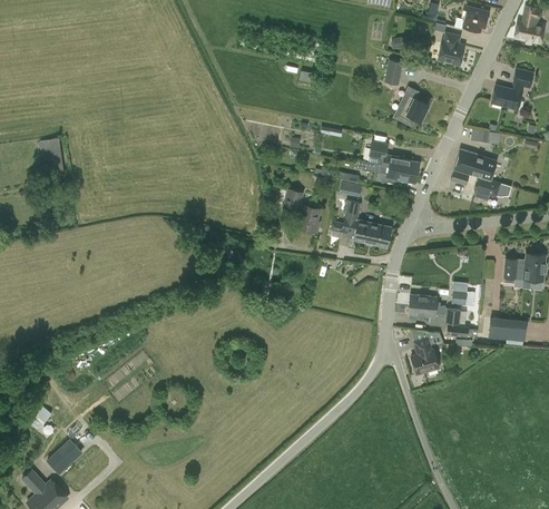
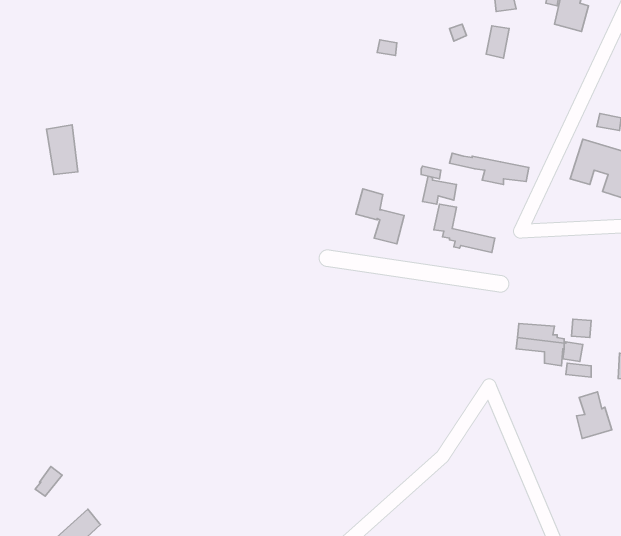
building: [393,95,429,127] -> none
building: [367,140,420,172] -> none
building: [330,221,390,248] -> none
building: [412,337,440,374] -> [576,392,612,439]

